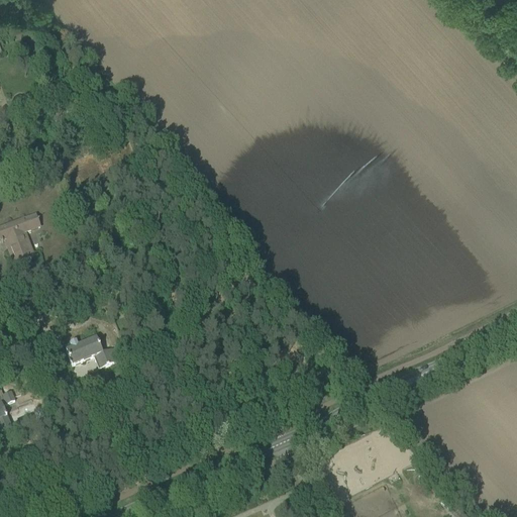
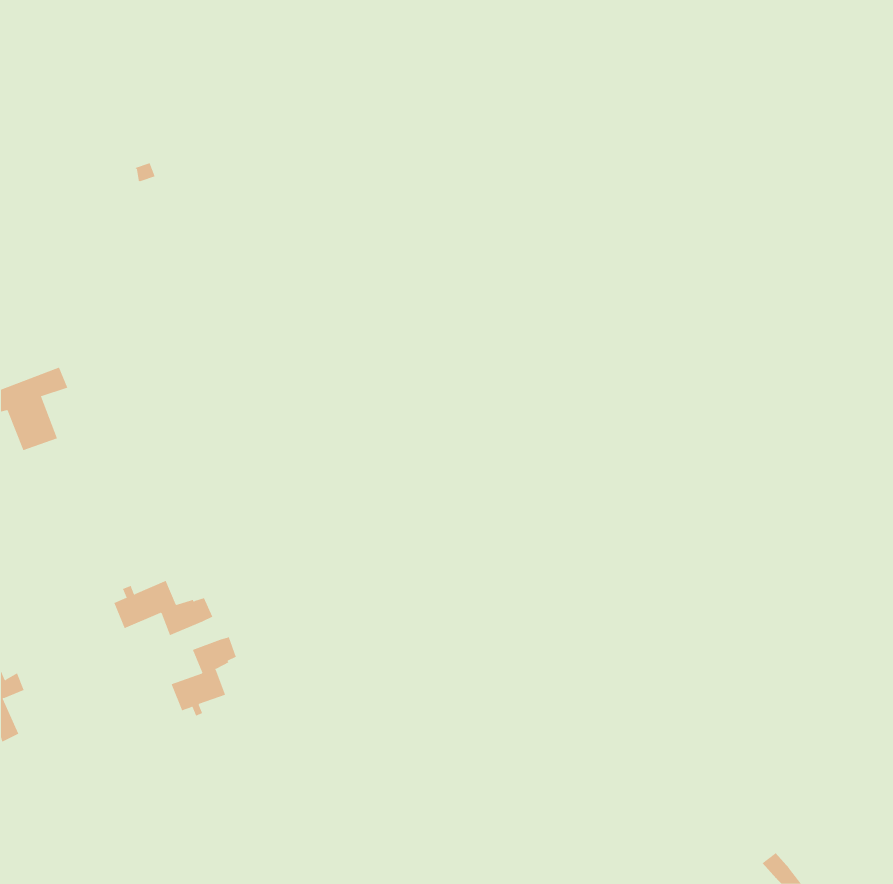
building: none -> [171,636,236,716]

